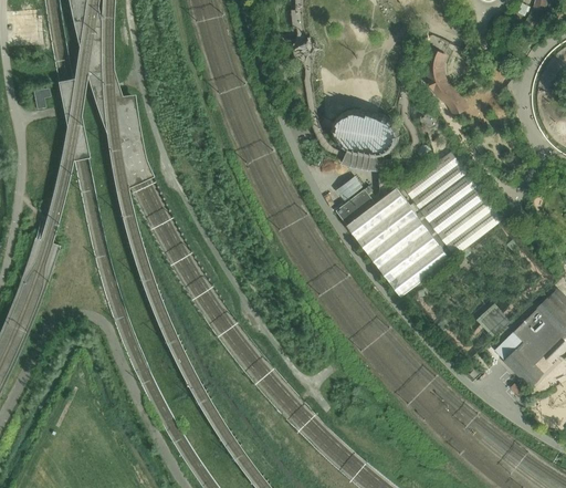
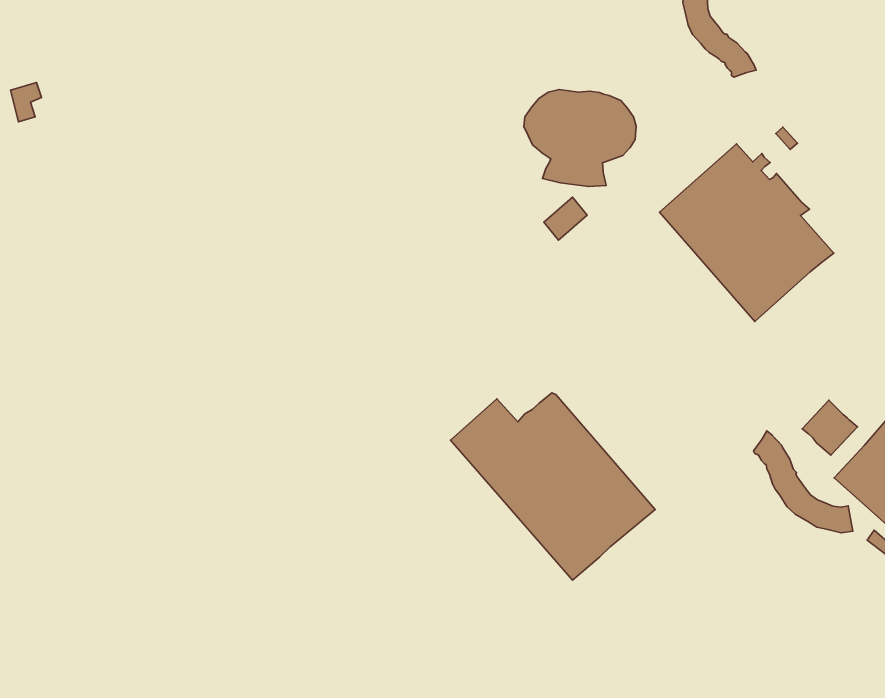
building: [336,187,452,297] -> [450,393,655,580]
building: none -> [753,431,853,533]

